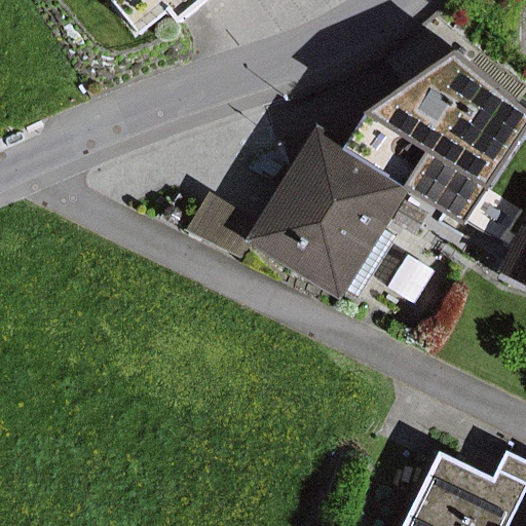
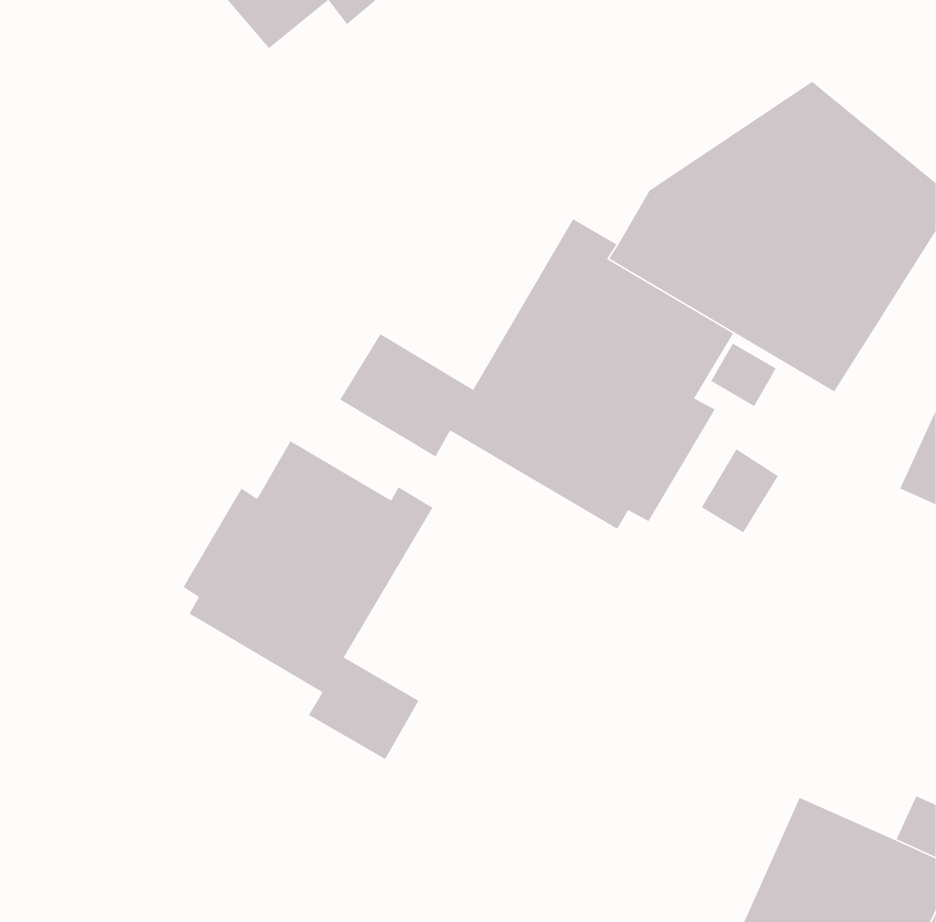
building: none -> [182,440,434,760]

